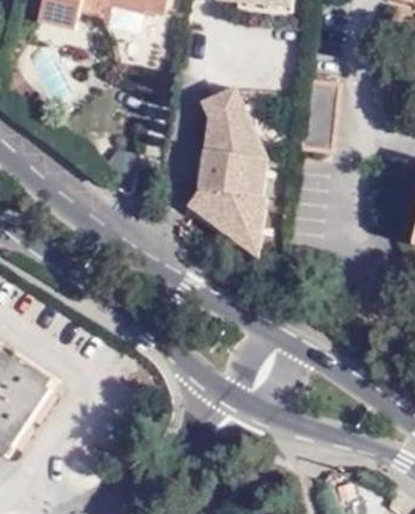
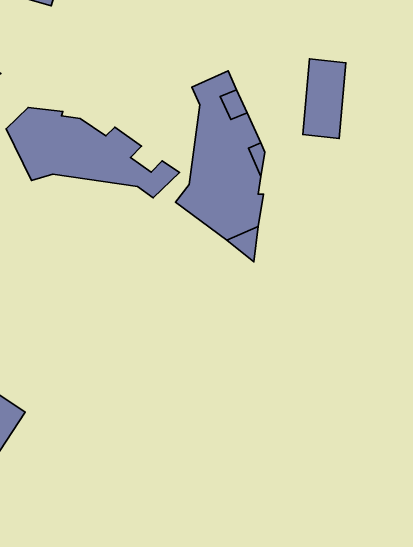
building: none -> [6,107,179,198]

